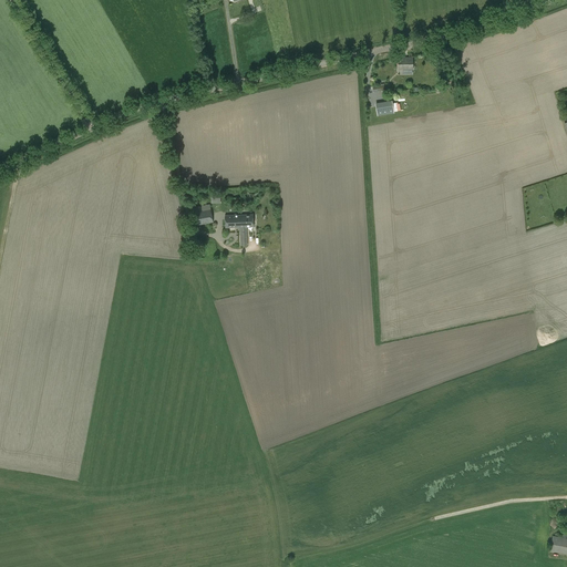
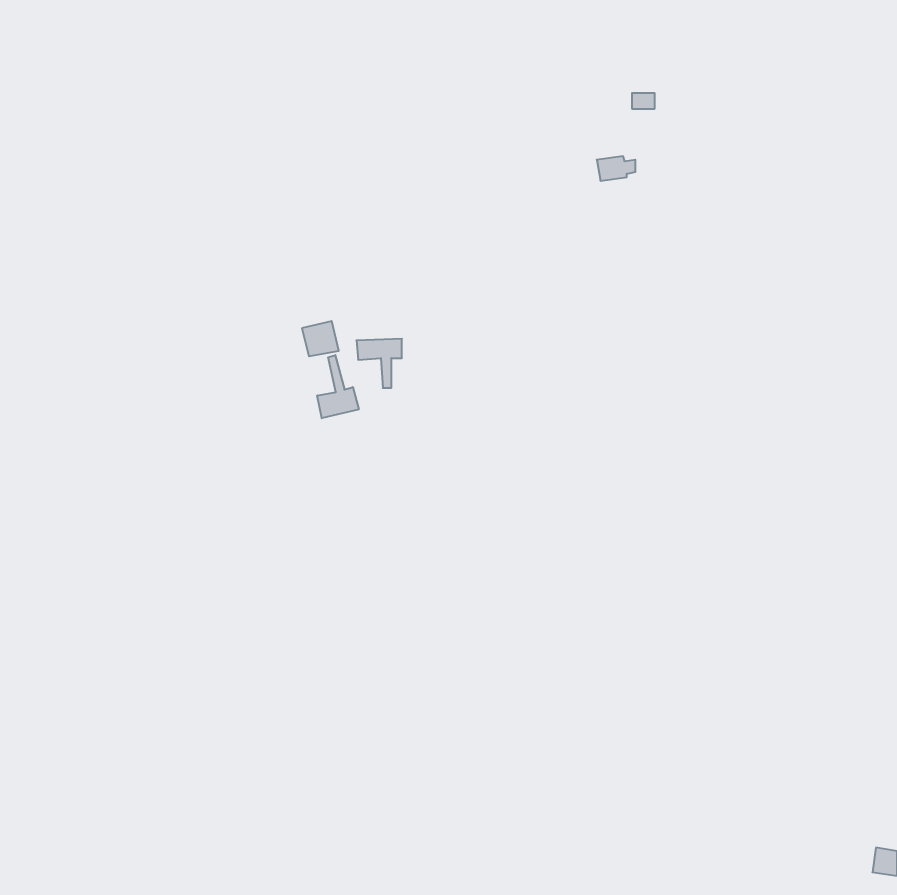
building: none -> [317,355,359,418]

